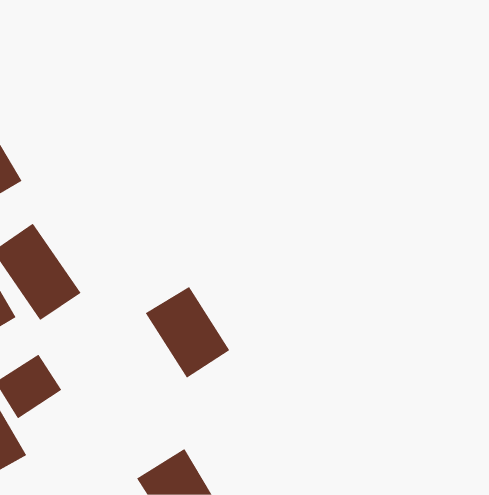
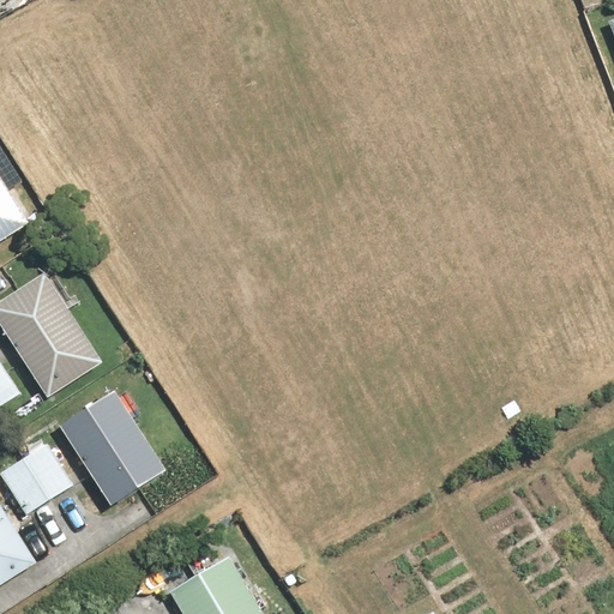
building: [145,286,230,378] -> [59,392,164,506]

